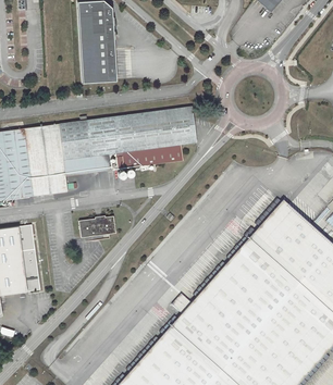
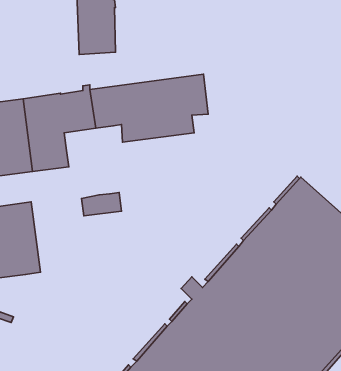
building: [63,153,111,176] -> none

